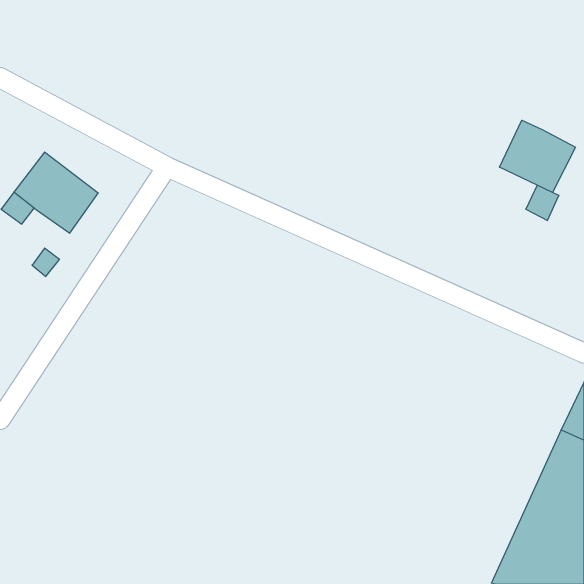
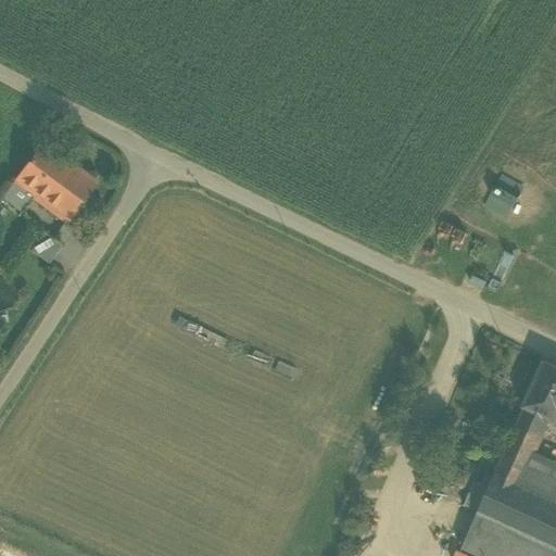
building: [500,120,575,192] -> none

